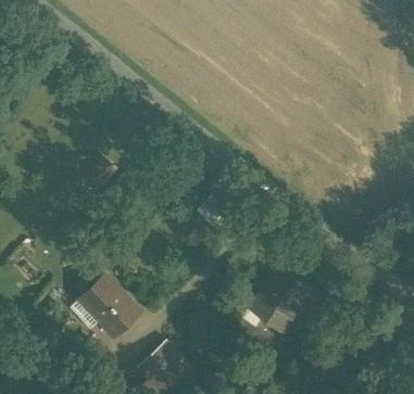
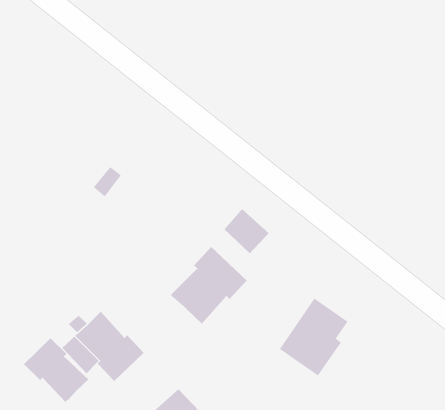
building: none -> [170,246,248,325]
building: none -> [23,337,89,403]

